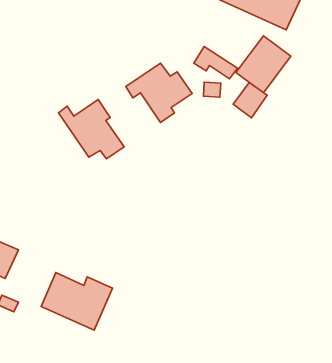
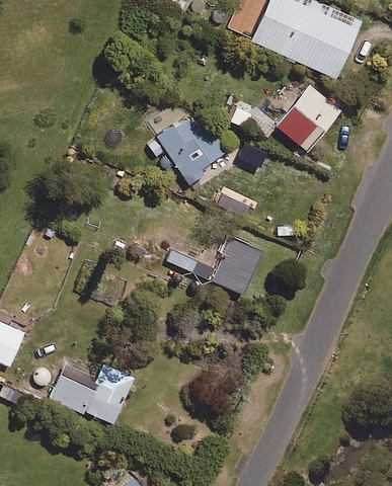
building: [233,82,267,118] -> none
building: [59,100,124,159] -> none
building: none -> [167,238,262,295]

